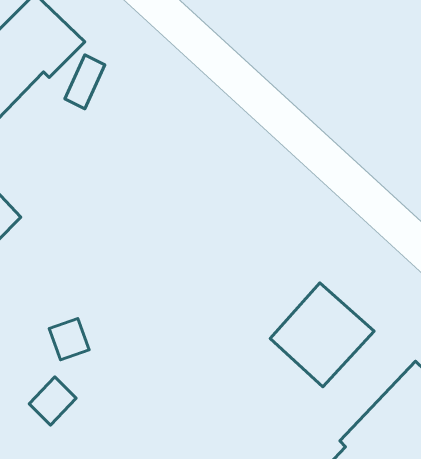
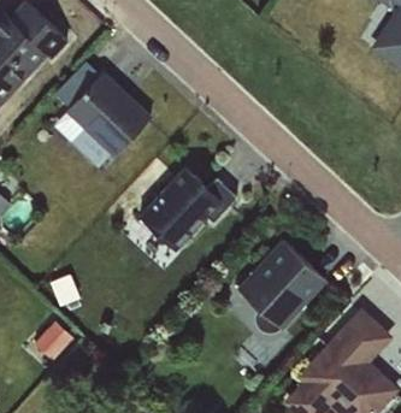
building: none -> [67,71,158,160]
building: none -> [135,170,214,250]

